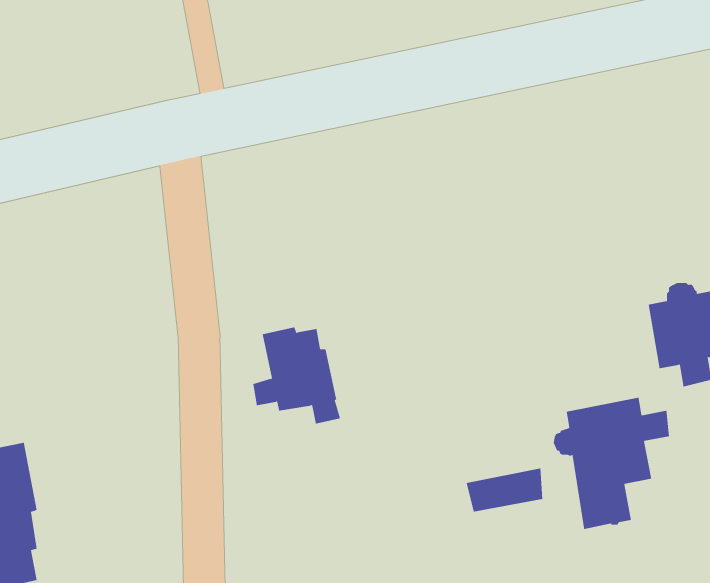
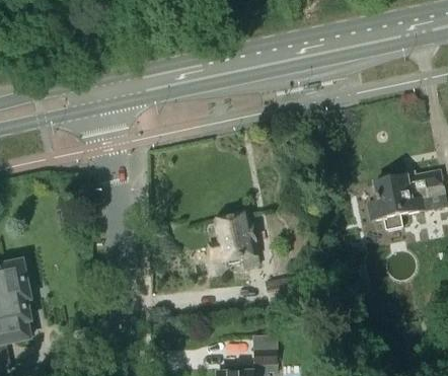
building: [253,327,341,424] -> [211,214,259,268]
building: [553,397,669,530] -> none

